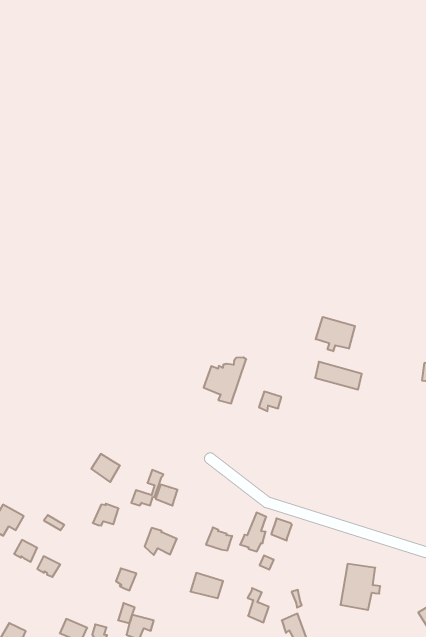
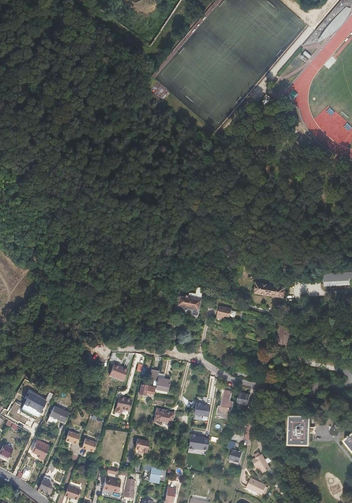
building: [316,317,355,351] -> none

